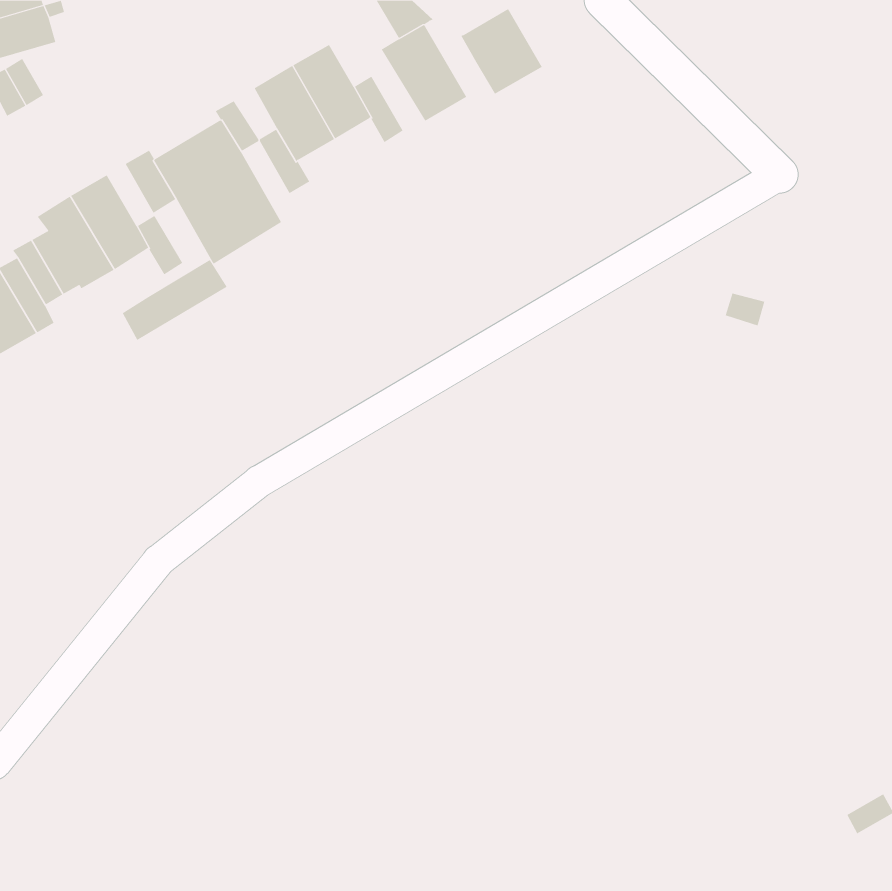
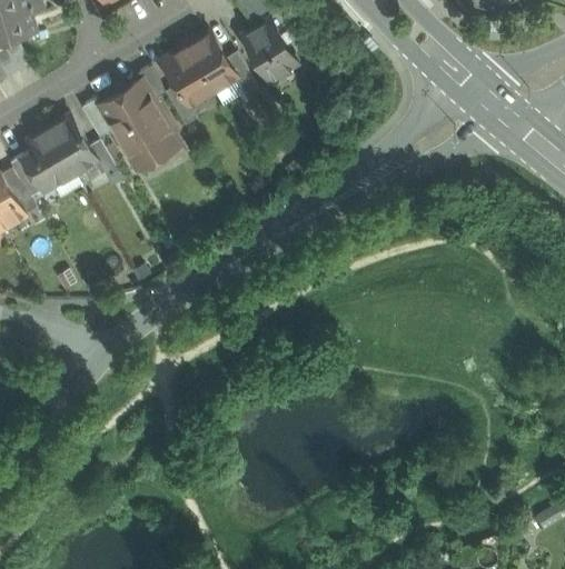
building: [460,8,543,95] -> none
building: [121,259,228,341] -> none

